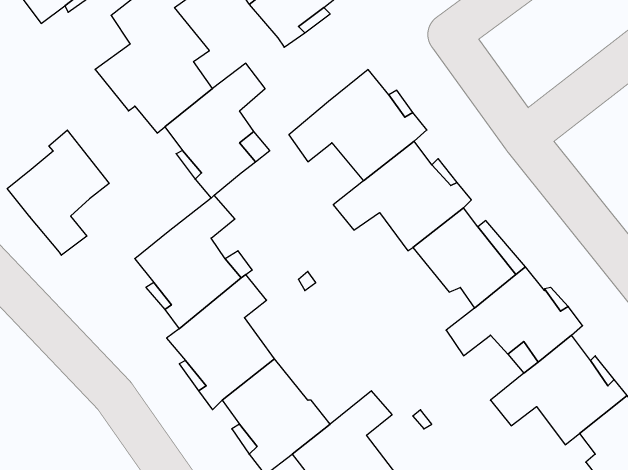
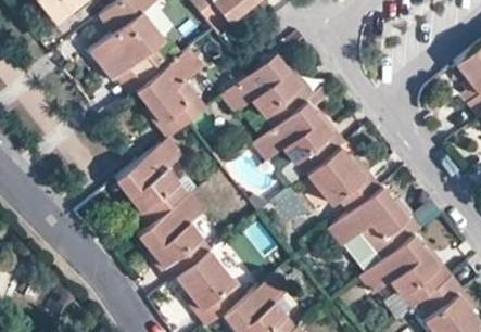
building: [7,130,109,255] -> none

